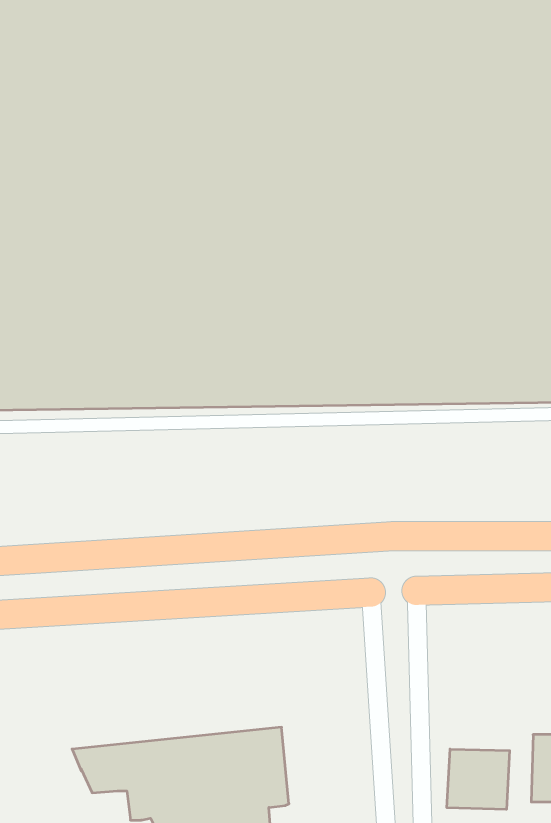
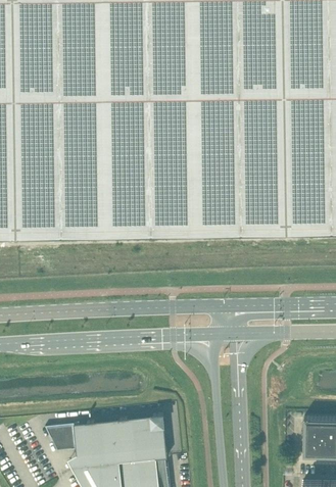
building: [447,749,510,809] -> none

